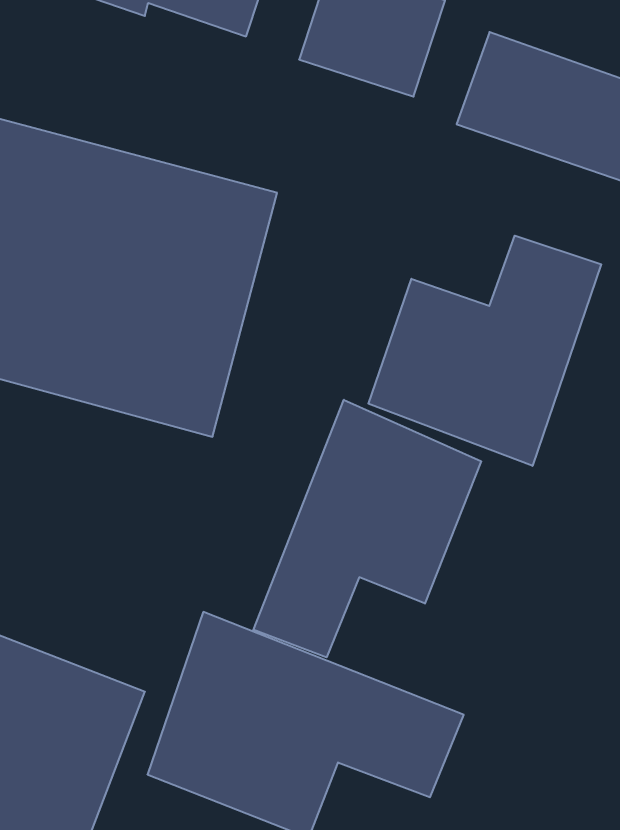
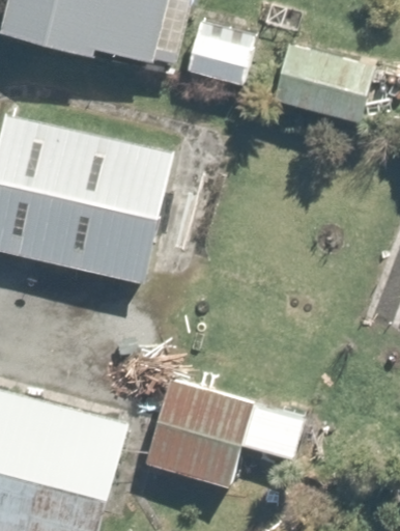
building: [368,236,601,466] -> none
building: [253,400,481,657] -> none

